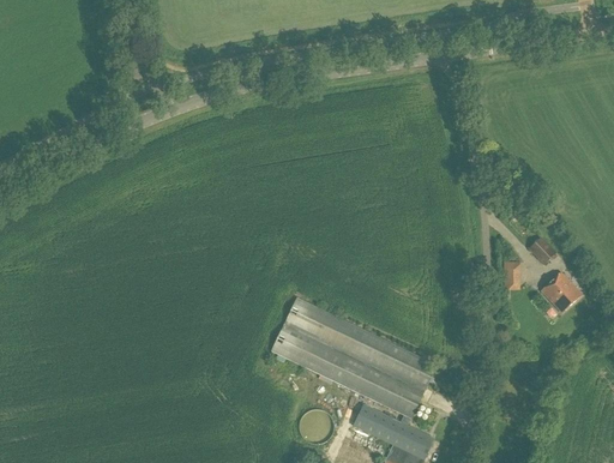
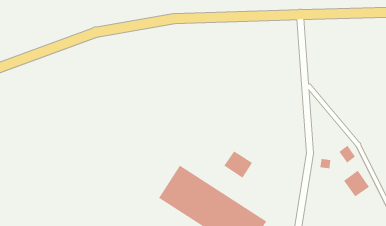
building: none -> [224,151,253,179]

